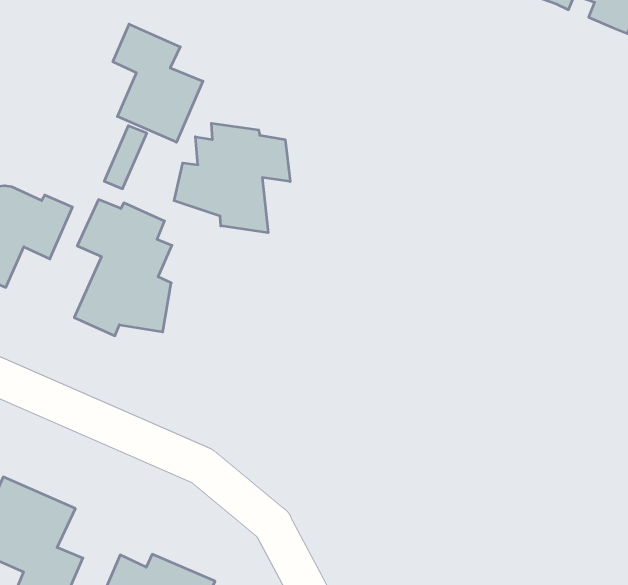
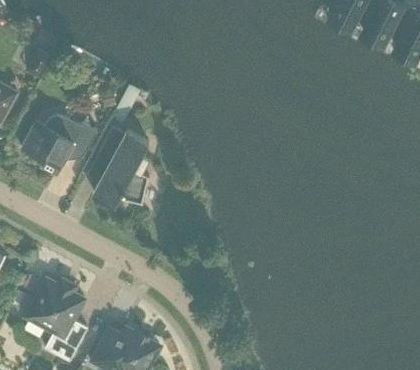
building: [113,24,203,142] -> none
building: [174,123,290,233] -> none

